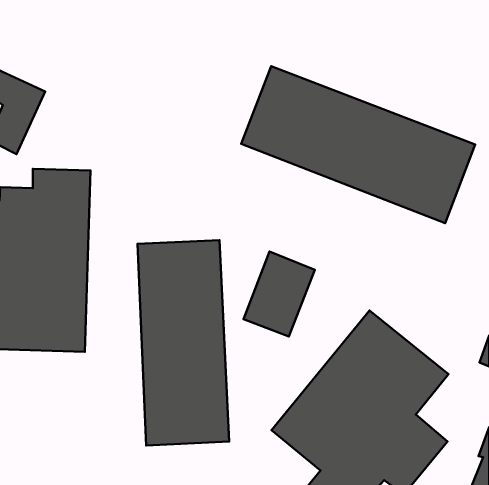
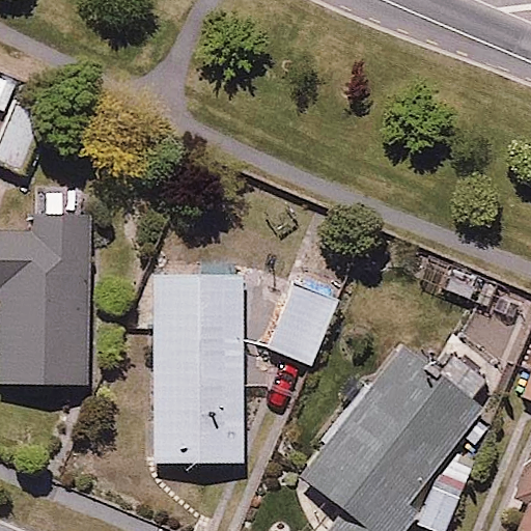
building: [241,66,475,223] -> none

